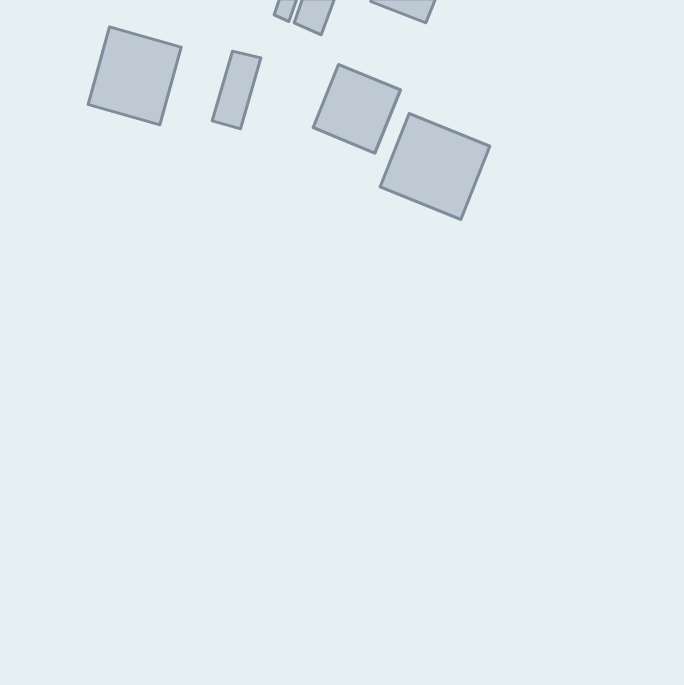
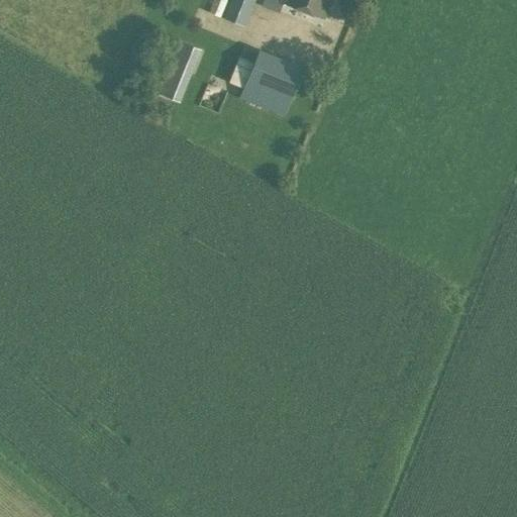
building: [88,27,181,125] -> none
building: [380,113,490,220] -> none

